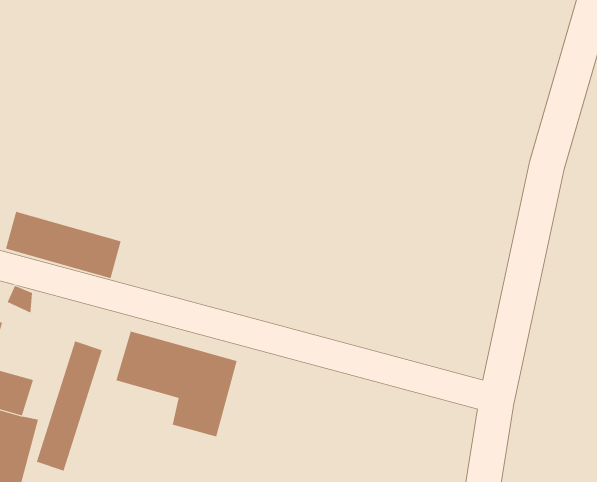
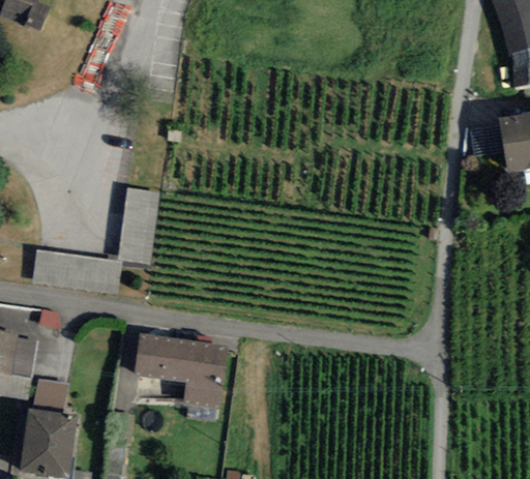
building: none -> [118,188,159,264]
building: [36,341,102,471] -> none

